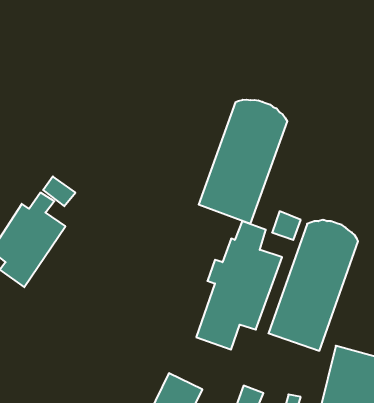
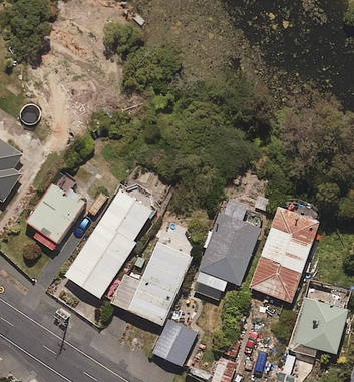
building: [199,100,287,224] -> none
building: none -> [65,190,152,298]
building: none -> [110,242,193,325]

